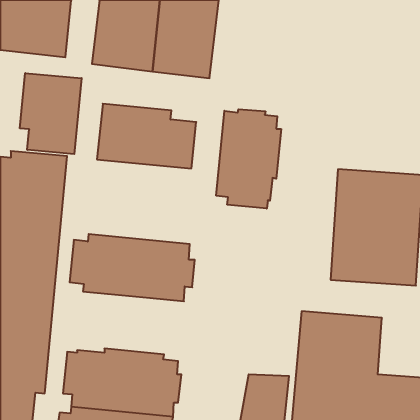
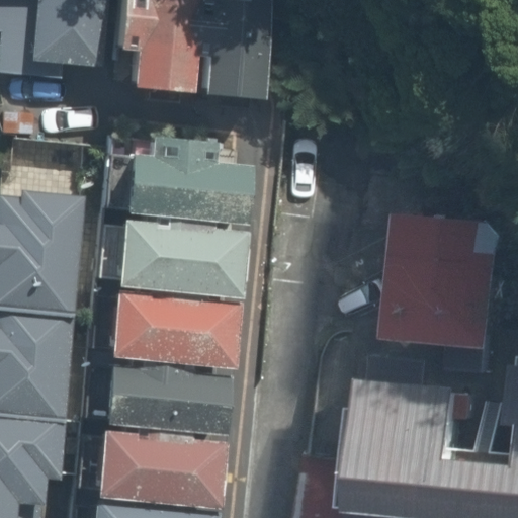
building: [20,73,82,154] -> none
building: [216,109,281,209] -> none
building: none -> [114,199,238,290]
building: none -> [83,363,228,439]

